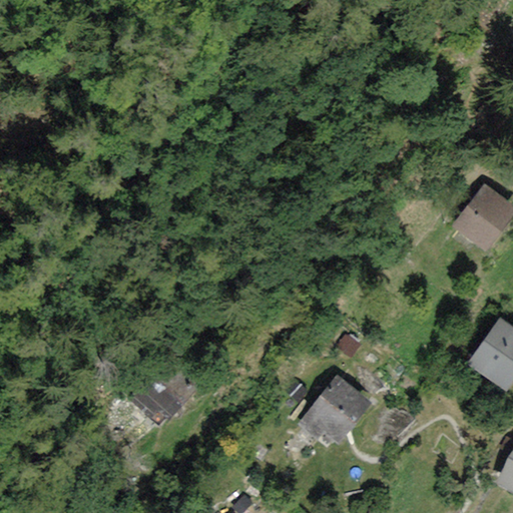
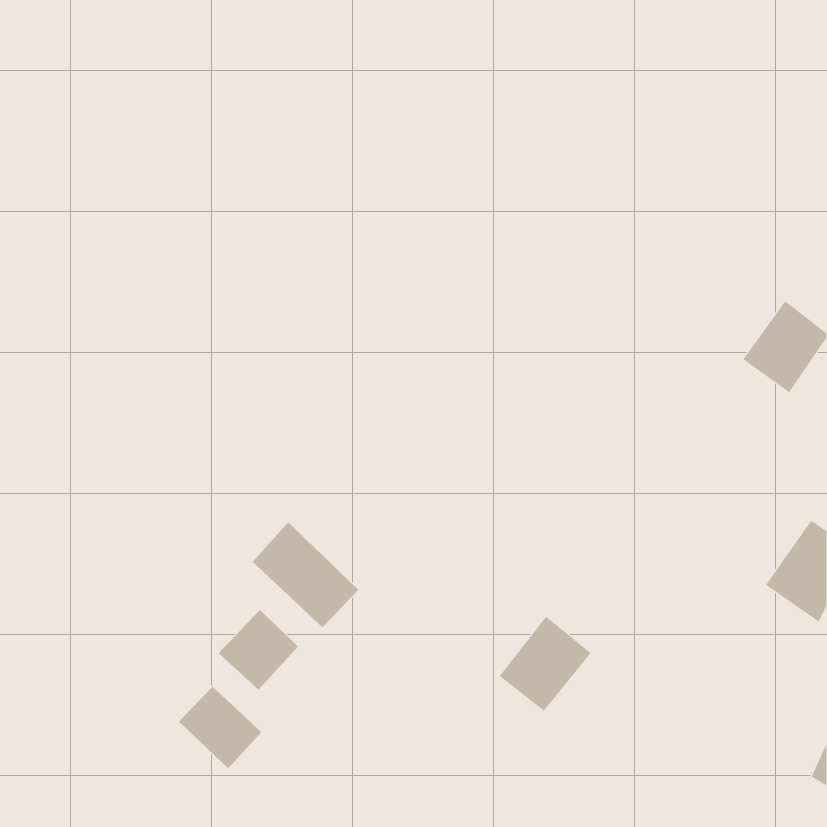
building: none -> [252,522,359,628]
building: none -> [178,686,262,769]

